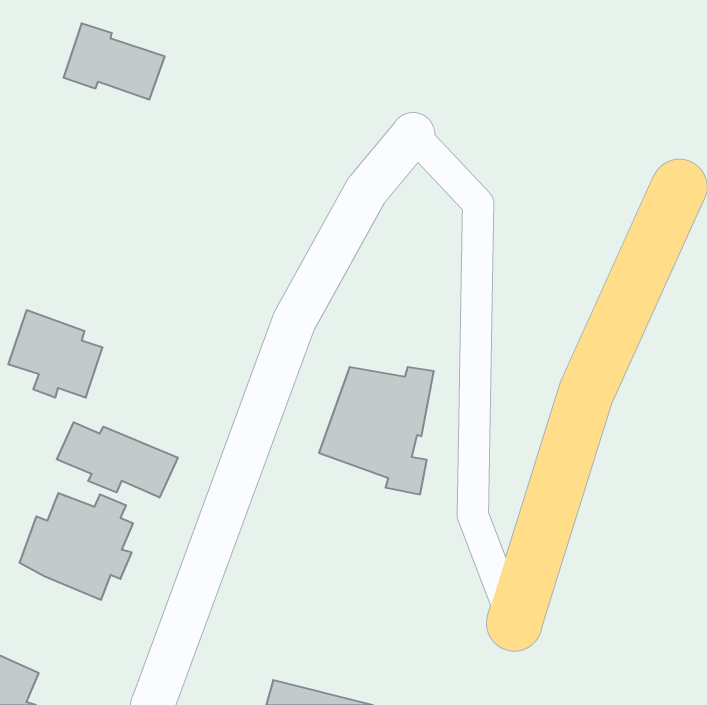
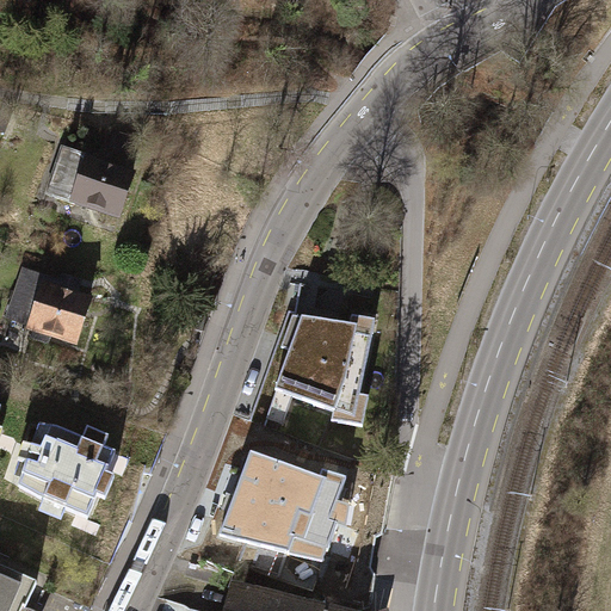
building: [63,23,165,100] -> [44,146,131,211]
building: [57,422,178,498] -> none
building: none -> [218,448,342,556]

